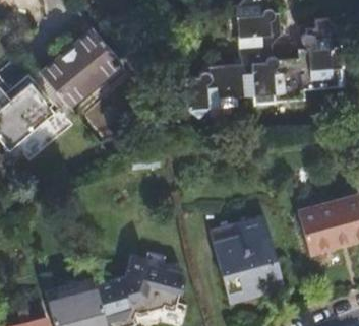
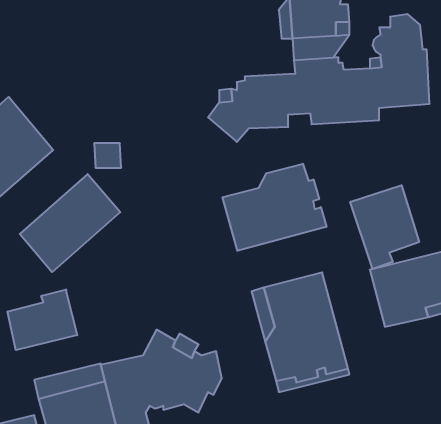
building: [47,30,122,104] -> [20,174,120,272]
building: none -> [222,164,326,251]
building: none -> [350,185,419,269]
building: none -> [8,289,77,350]

